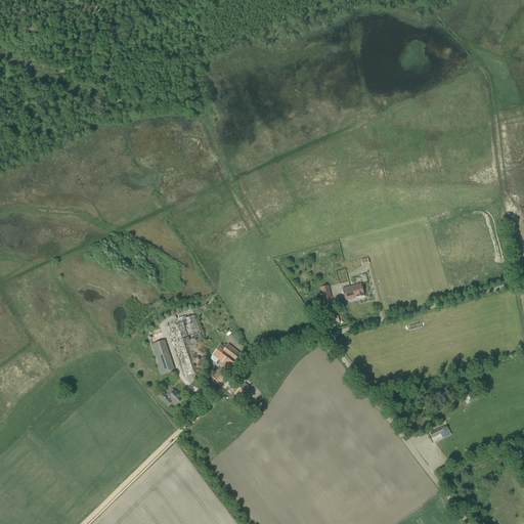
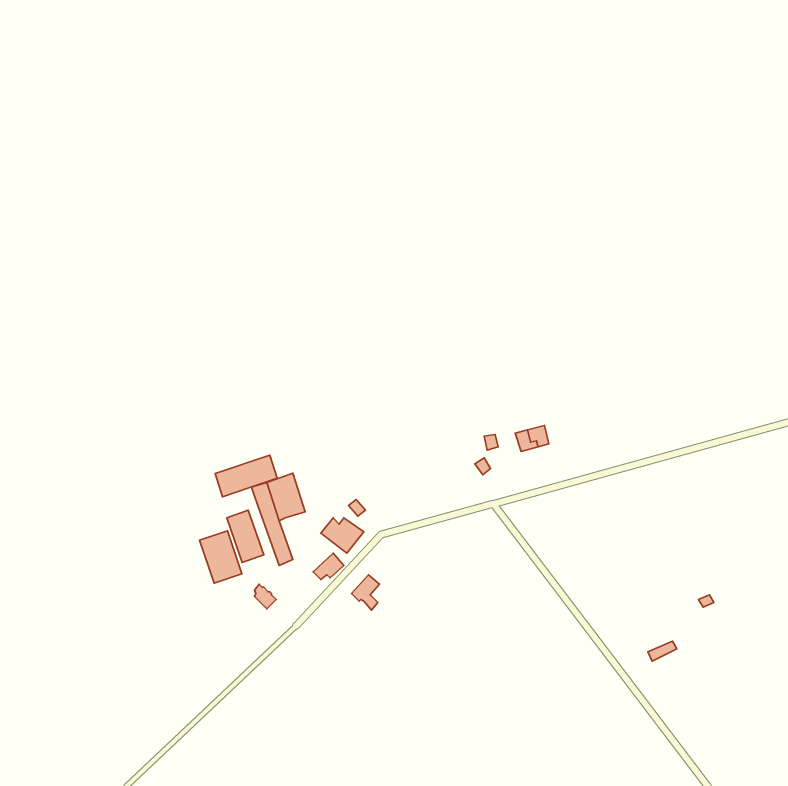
building: none -> [215,455,277,497]
building: none -> [199,531,242,583]

